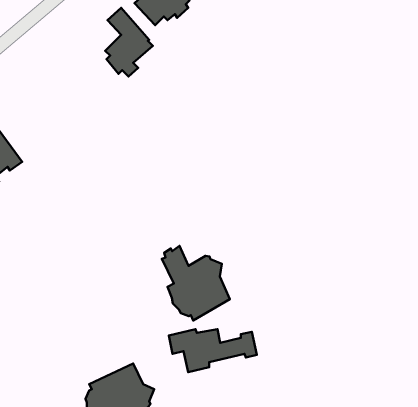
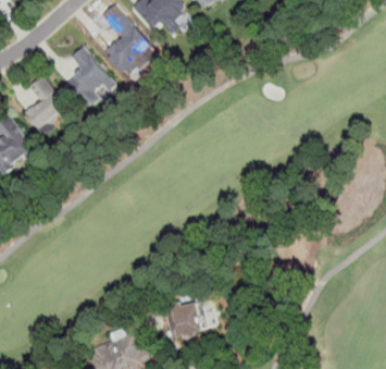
building: none -> [64,47,108,107]
building: none -> [23,77,71,128]
building: [162,246,230,321] -> none

